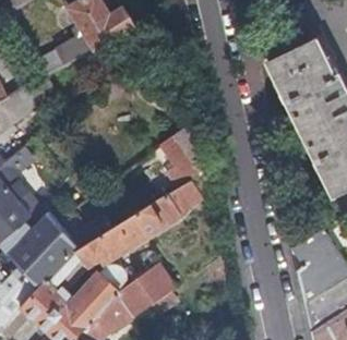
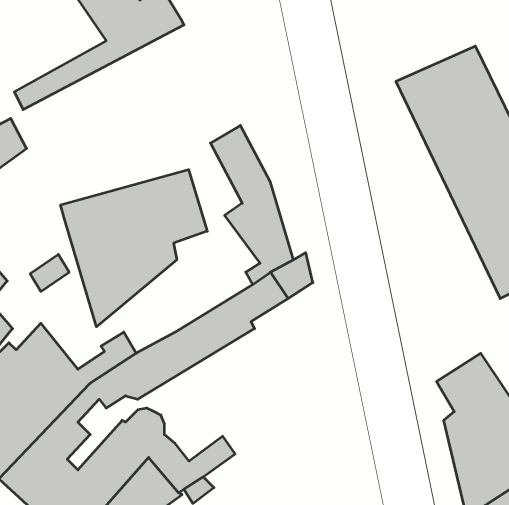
building: none -> [61,170,207,327]

